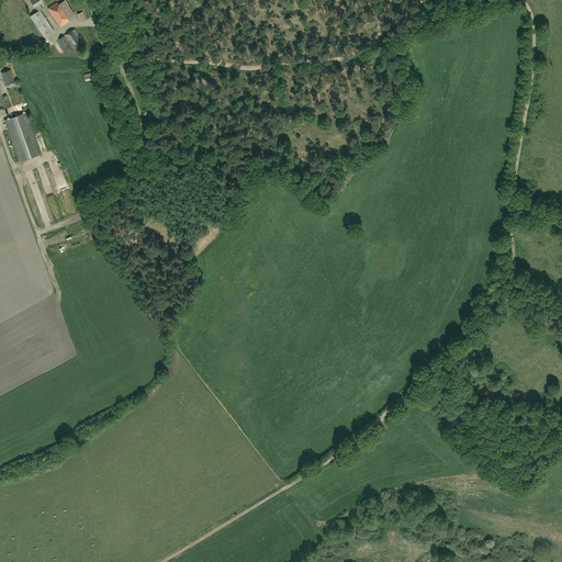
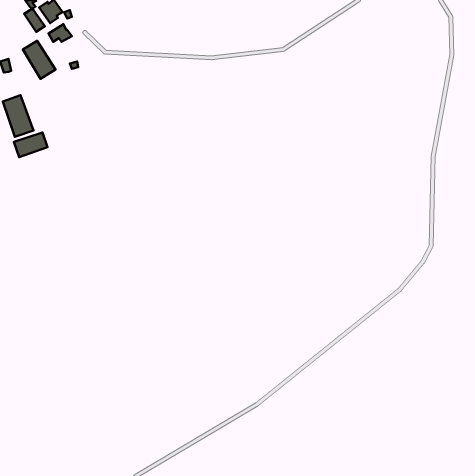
building: none -> [23,41,55,79]
building: none -> [14,132,47,157]

